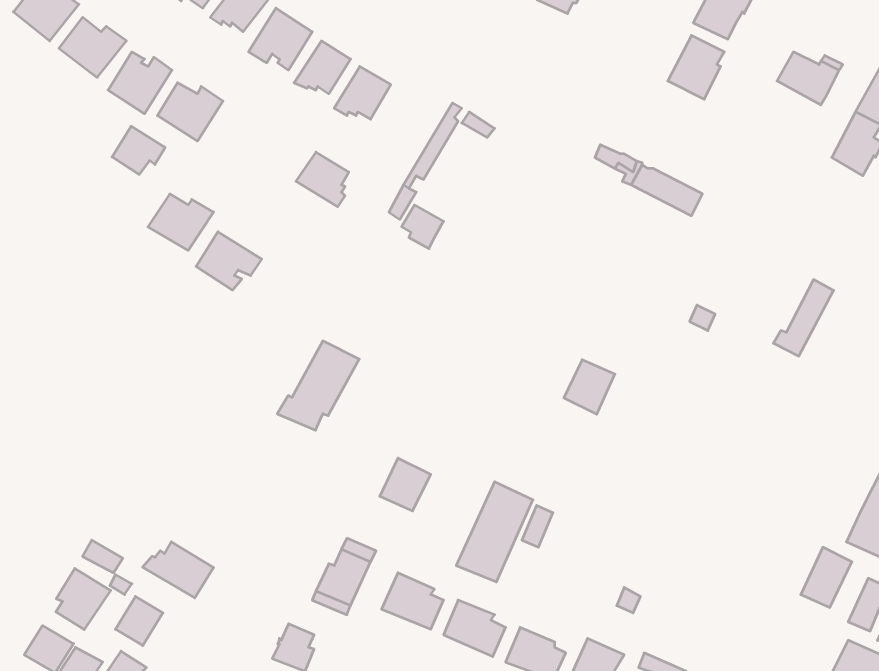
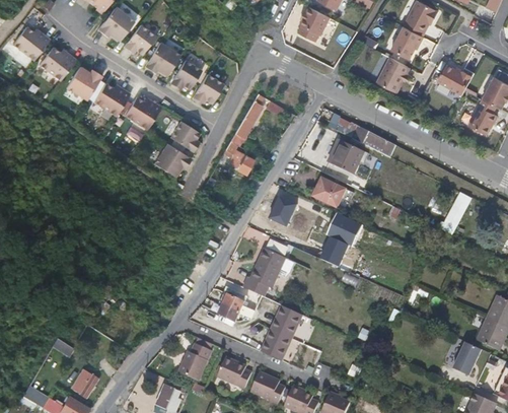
building: [112,126,165,174] -> none
building: none -> [331,141,363,175]
building: [148,194,214,250] -> [125,97,161,129]
building: [196,232,262,290] -> [154,144,191,177]
building: none -> [314,178,346,206]
building: none -> [268,197,296,227]
building: none -> [331,216,361,245]
building: [277,341,359,430] -> [242,246,288,295]
building: [143,542,214,598] -> none
building: [56,568,111,630] -> none

